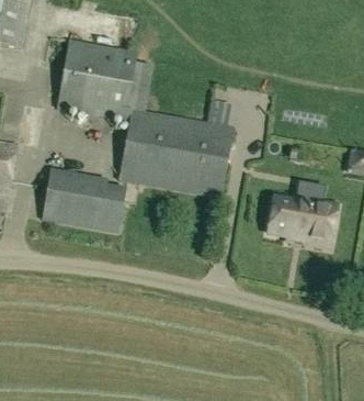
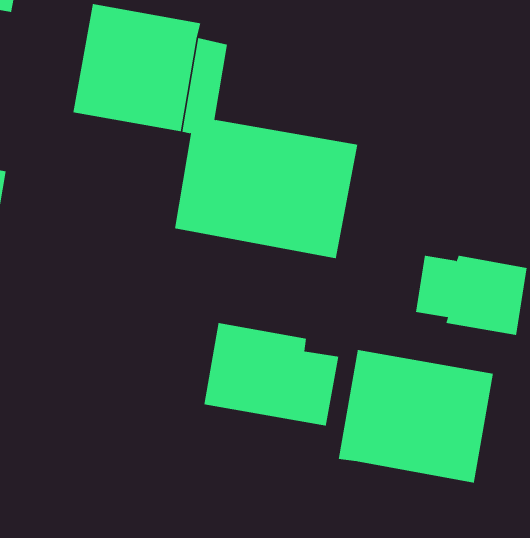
building: [43,168,126,232] -> [203,323,339,426]
building: none -> [338,349,493,483]

